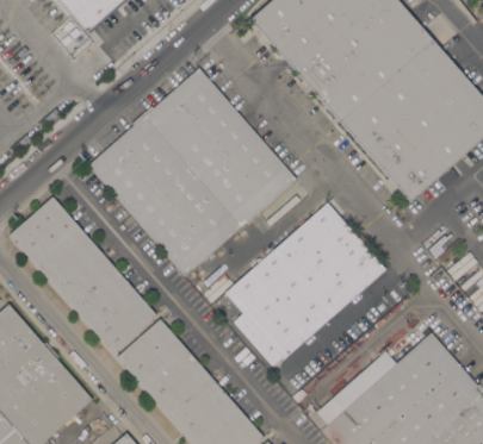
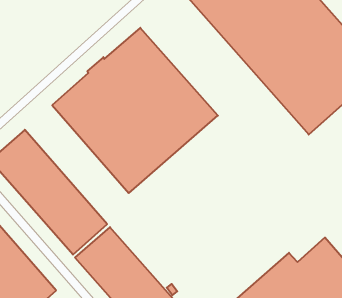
building: [218,204,385,365] -> none

